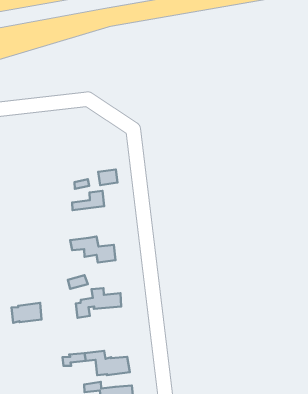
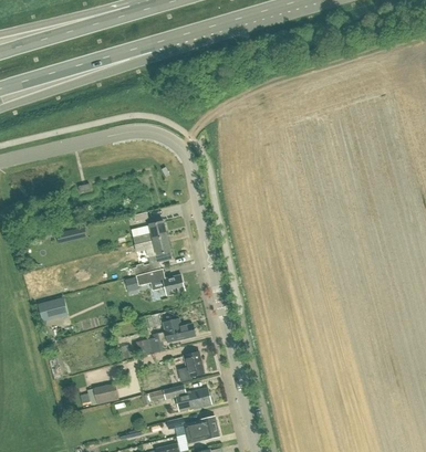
building: none -> [133,236,172,275]
building: [11,303,41,323] -> [86,382,118,406]
building: none -> [178,351,204,380]

